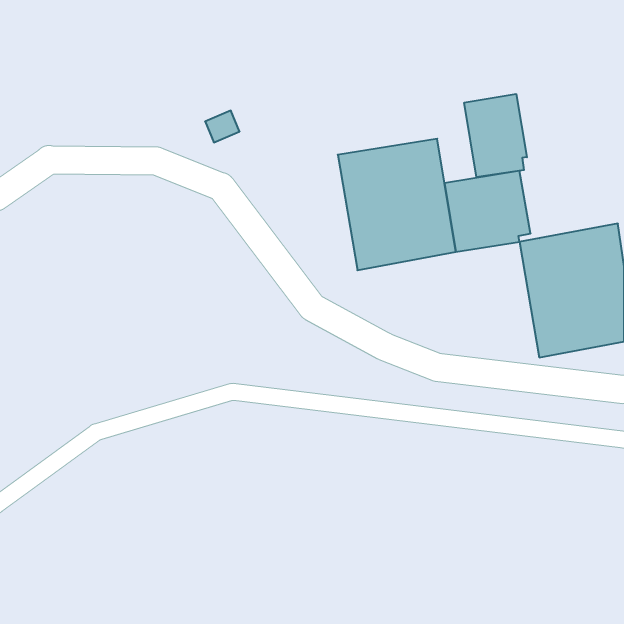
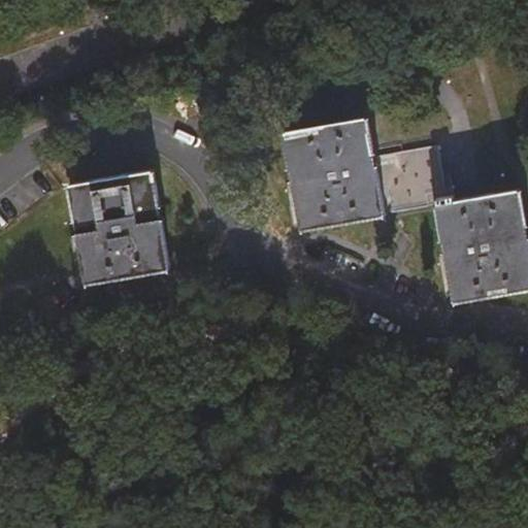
building: [464,94,527,177] -> none
building: none -> [67,173,167,285]

